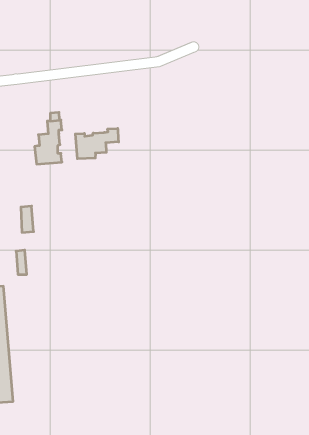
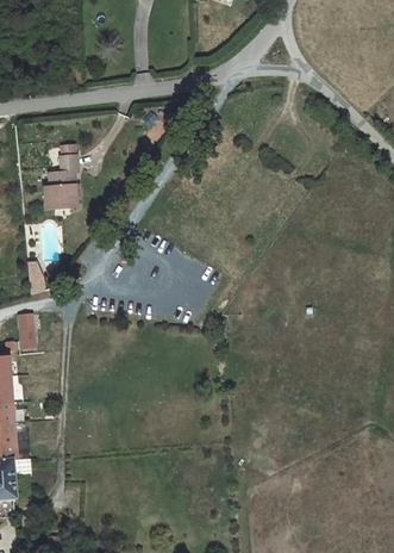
building: [75,128,119,159] -> none

